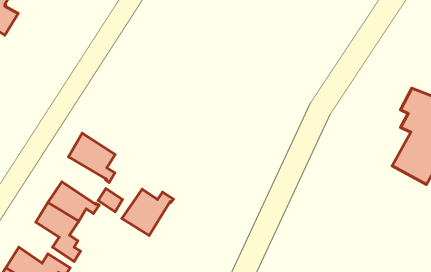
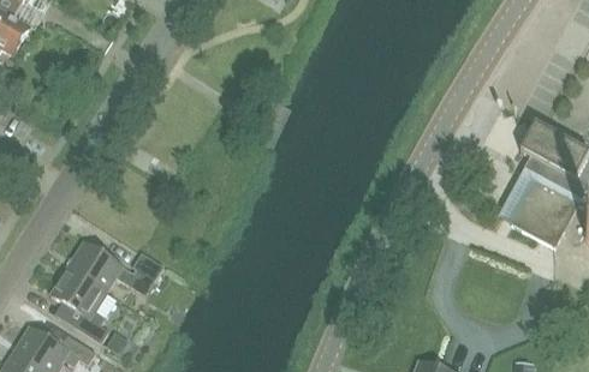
building: [69,133,115,182] -> none
building: [122,189,173,236] -> none

